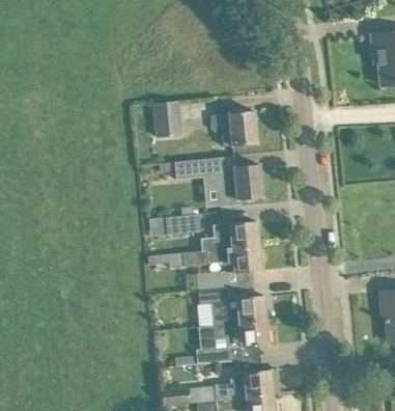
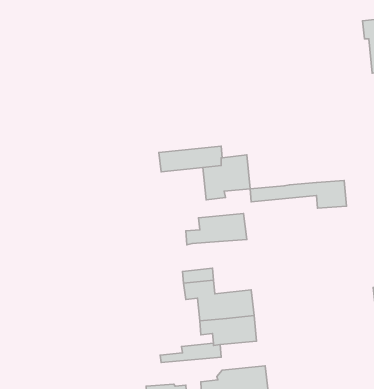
building: [151,101,181,138] -> none
building: [209,111,256,146] -> none
building: [164,214,199,235] -> none
building: [167,246,260,273] -> [250,180,346,208]

